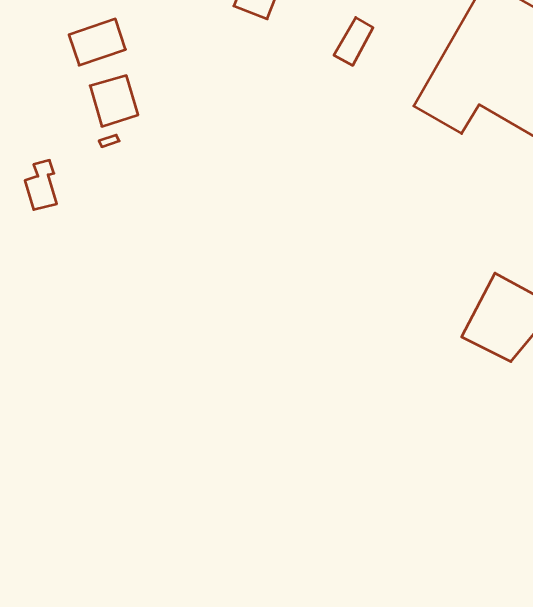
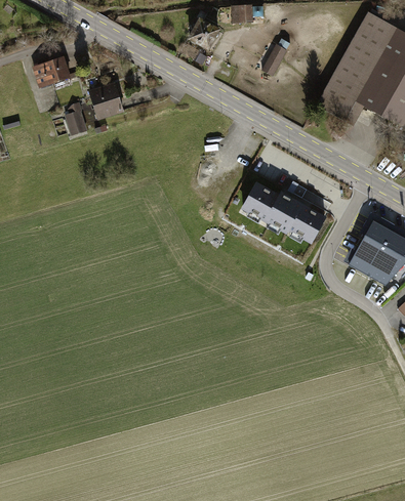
building: [69,19,126,65] -> [32,54,72,87]
building: [25,160,57,210] -> [64,100,86,135]
building: none -> [243,185,325,242]

